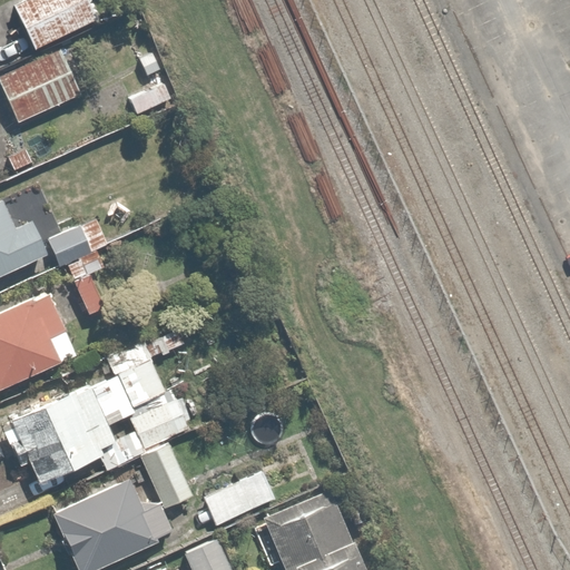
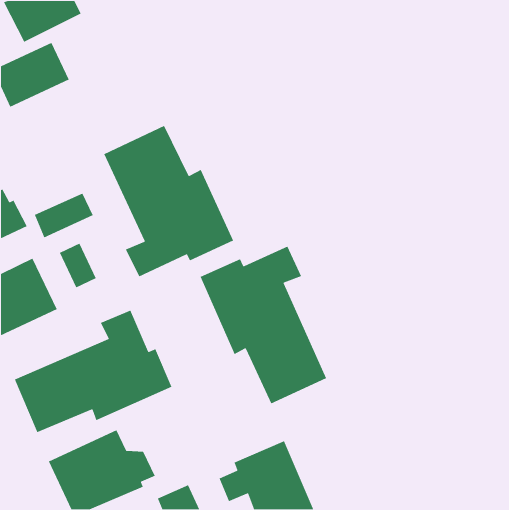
building: none -> [103,125,234,278]
building: none -> [200,245,327,404]
building: [141,444,195,509] -> none
building: [206,470,277,527] -> none

